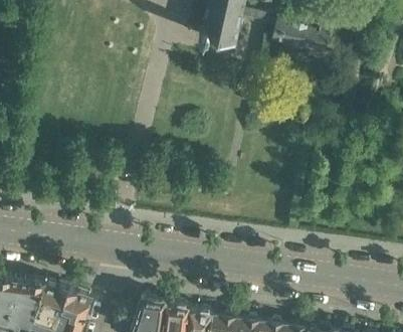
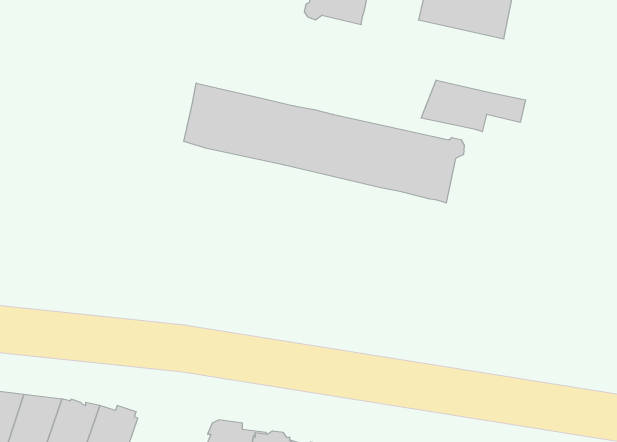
building: none -> [421,80,525,132]
building: none -> [184,83,464,203]

